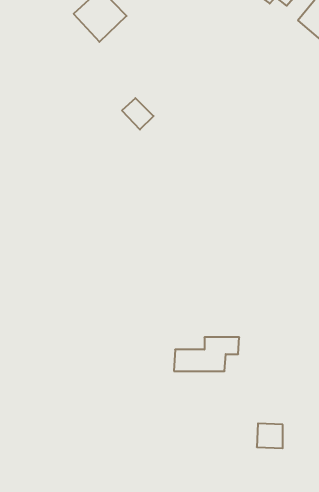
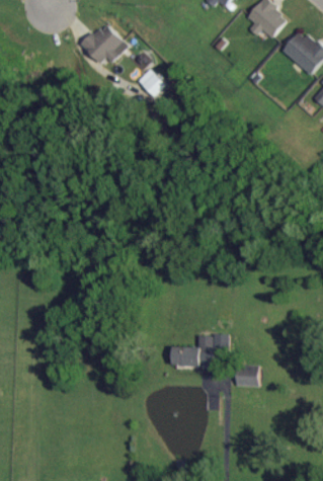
building: [122,98,154,130] -> [138,69,166,97]
building: [257,423,283,448] -> [235,365,258,387]

